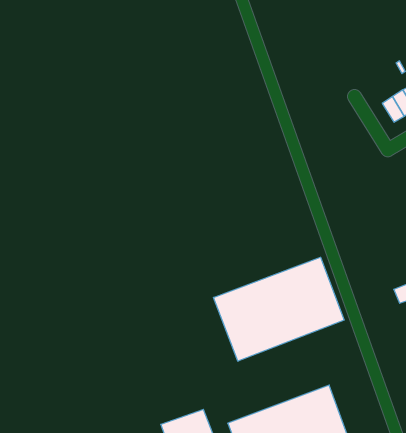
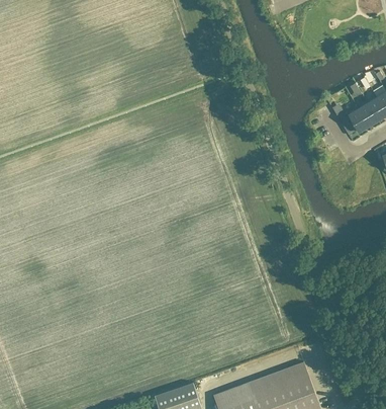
building: [214,257,344,361] -> none

